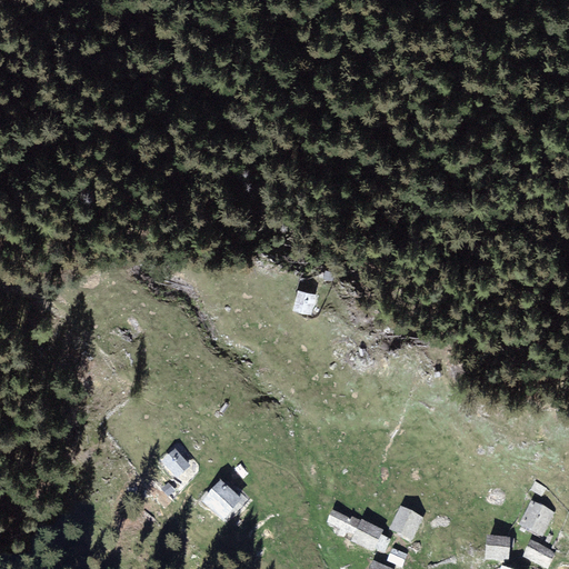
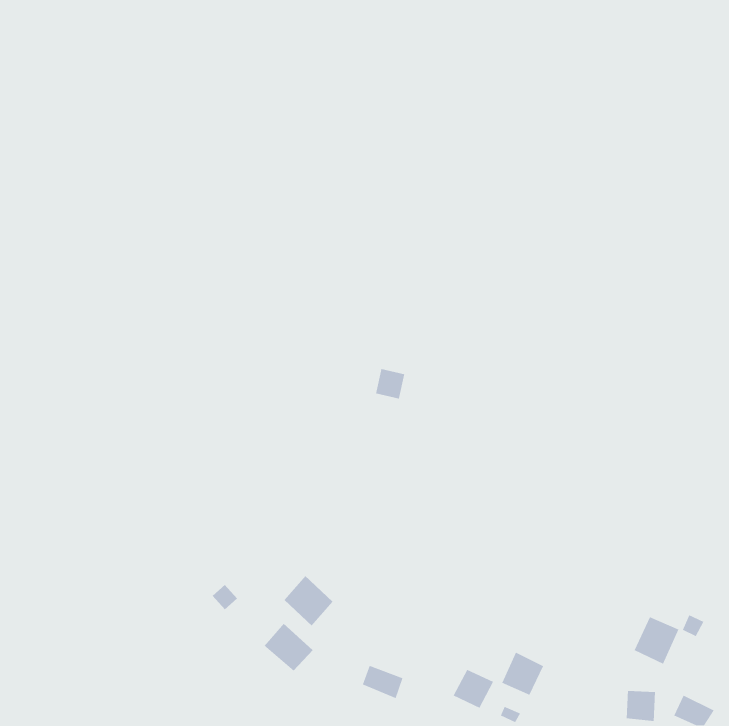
building: none -> [283,575,334,627]
building: [518,500,553,538] -> [634,616,679,665]
building: [326,507,358,533] -> [362,665,403,699]

